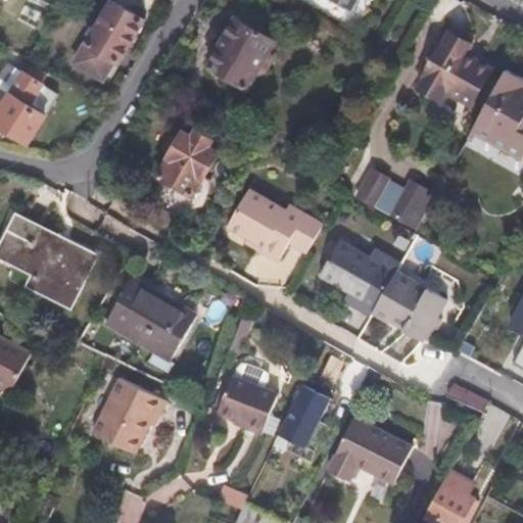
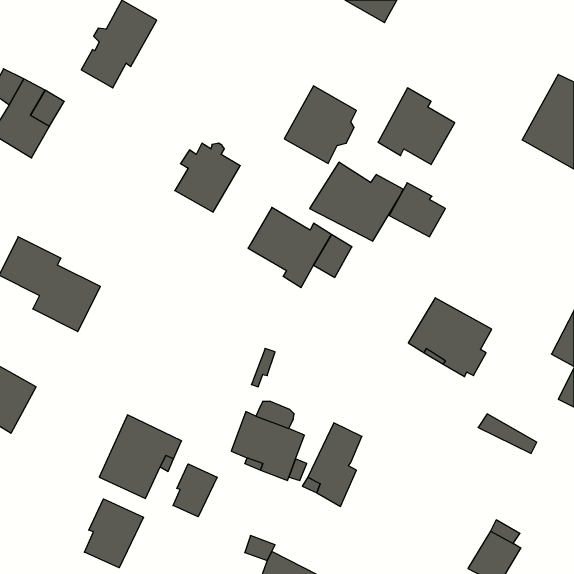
building: [208,18,274,89] -> [284,86,356,163]
building: [423,33,492,102] -> [378,88,455,165]
building: [388,181,434,233] -> none
building: [313,241,397,313] -> [310,162,403,241]
building: [106,278,195,360] -> none
building: [332,412,415,477] -> none
building: none -> [173,464,217,517]
building: none -> [84,499,143,568]

